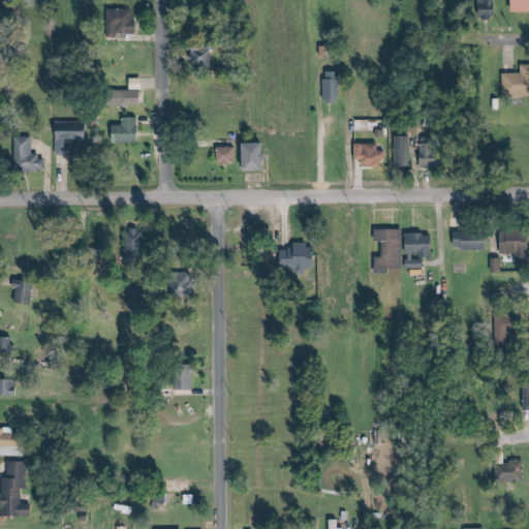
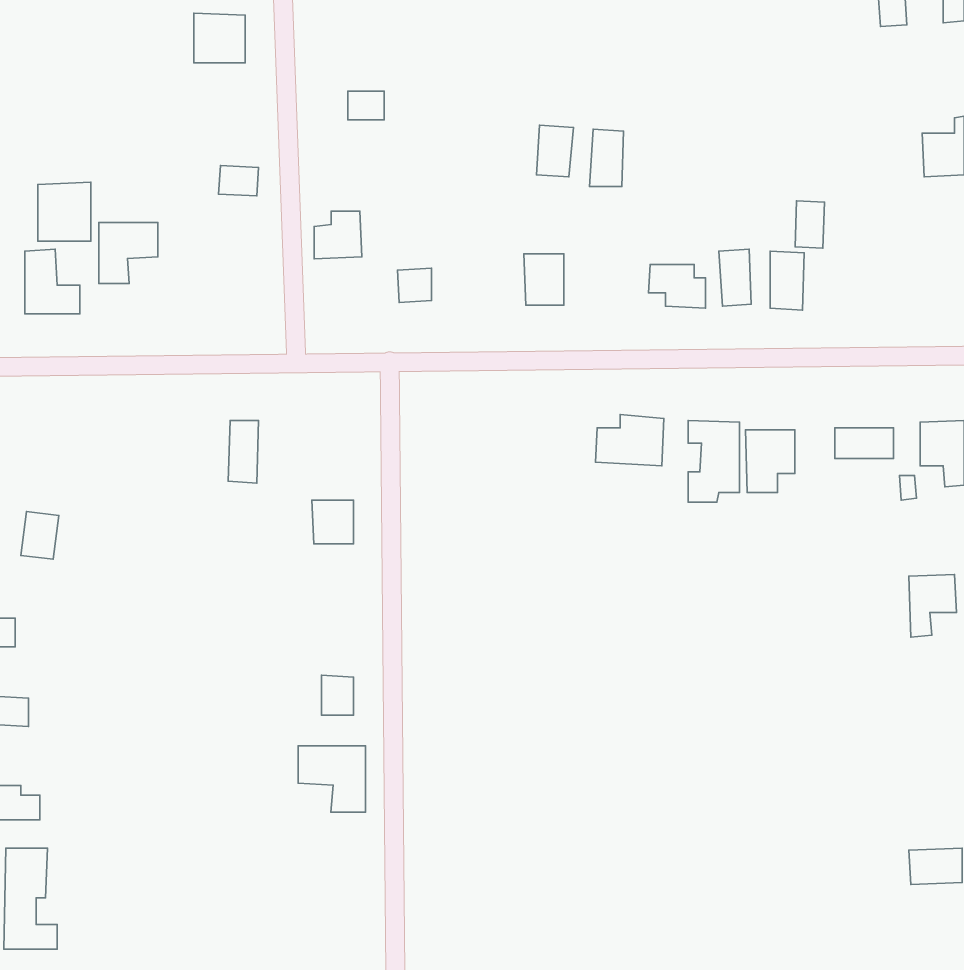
building: none -> [536,125,574,177]
building: none -> [38,182,91,241]
building: none -> [795,201,824,248]
building: [112,117,137,143] -> [314,211,362,259]
building: [244,143,266,170] -> [524,254,564,305]
building: [278,243,315,271] -> [595,415,664,466]
building: none -> [298,746,366,812]

